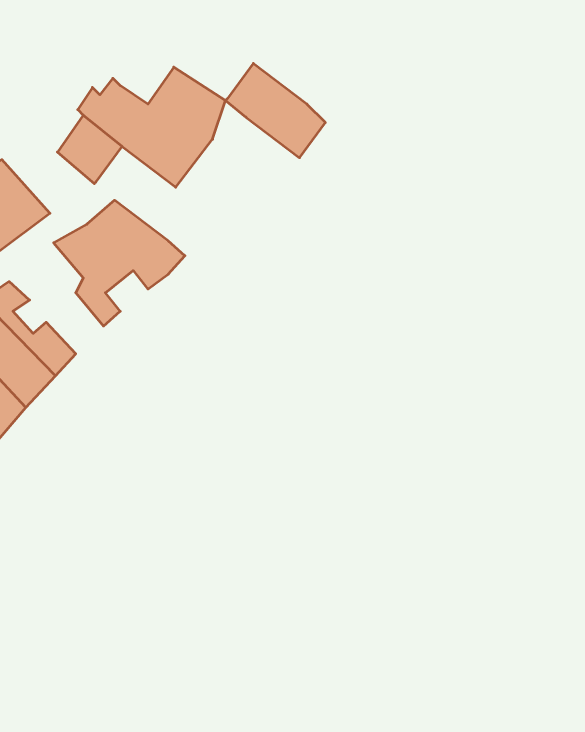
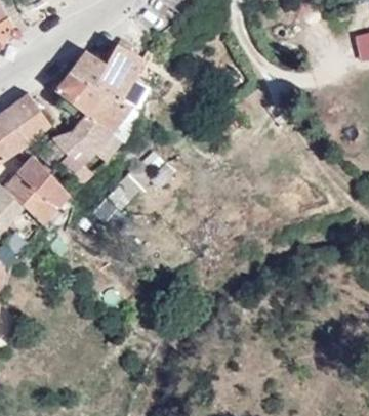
building: [226,63,325,158] -> [76,85,131,137]

